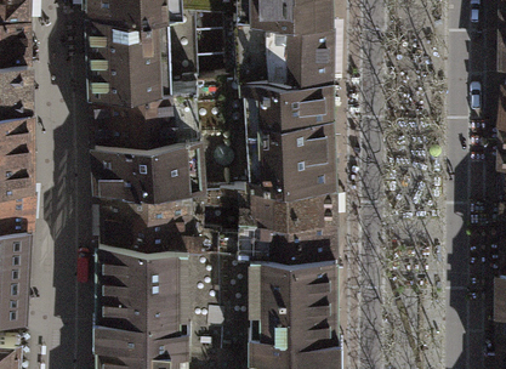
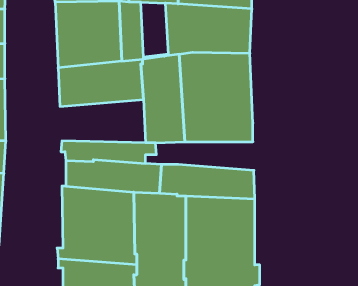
building: [96,126,201,180] -> none
building: [214,178,335,214] -> none

